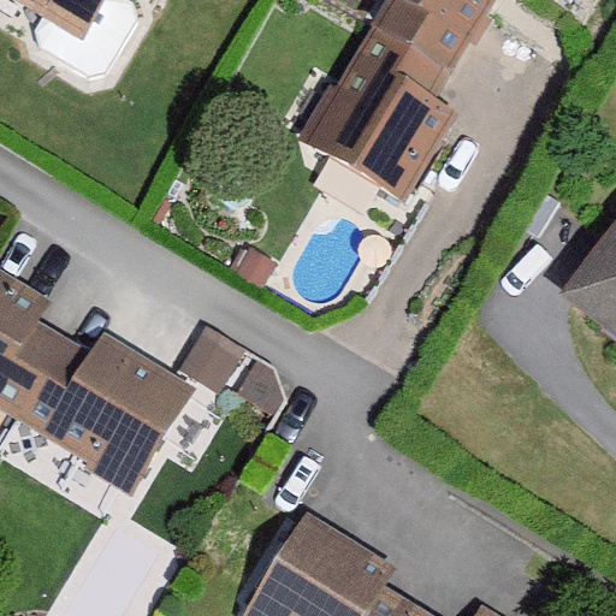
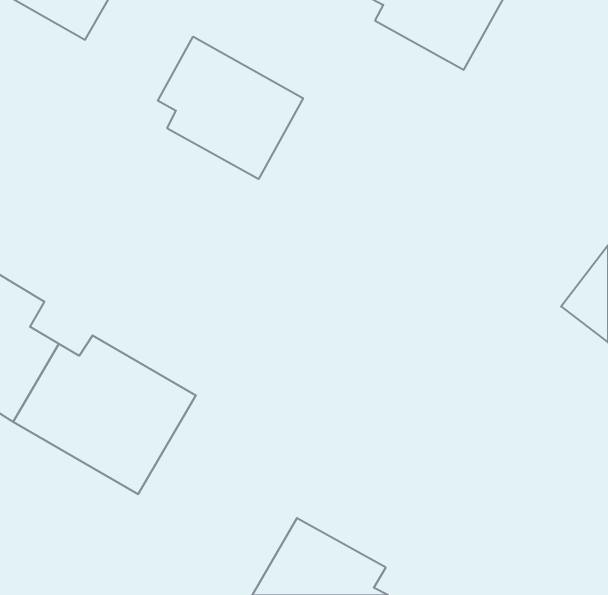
building: [303,20,464,206] -> none
building: none -> [158,37,303,179]

